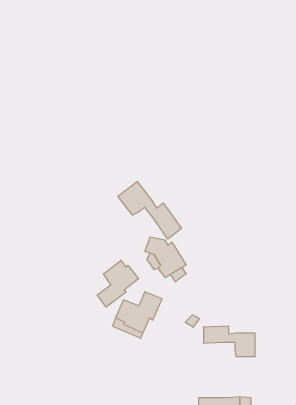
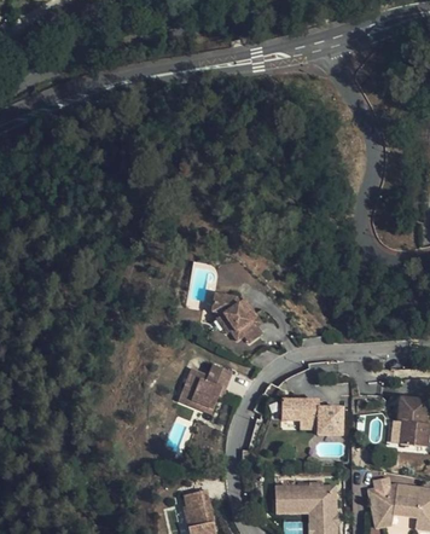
building: [118,181,181,239] -> none
building: [97,260,139,307] -> none

